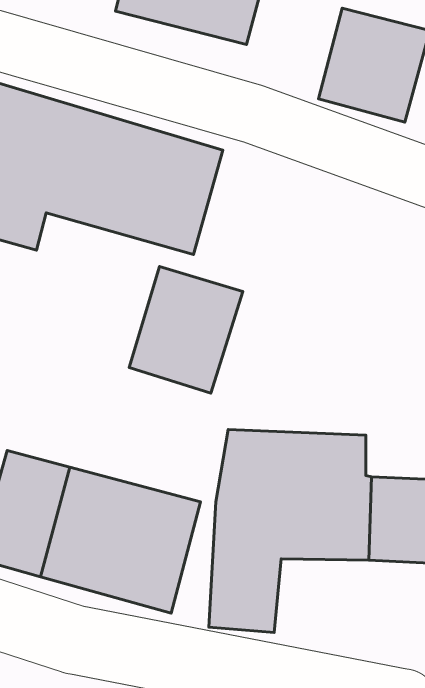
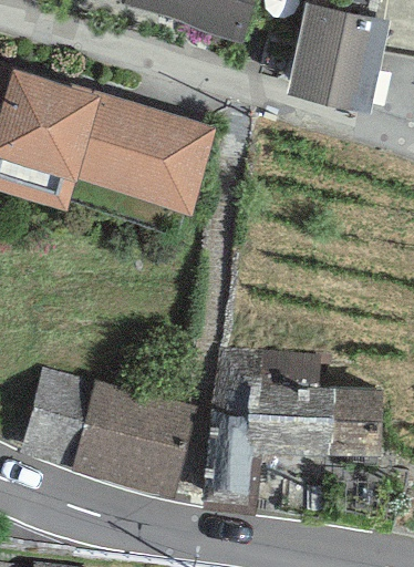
building: [129,267,243,393] -> none

